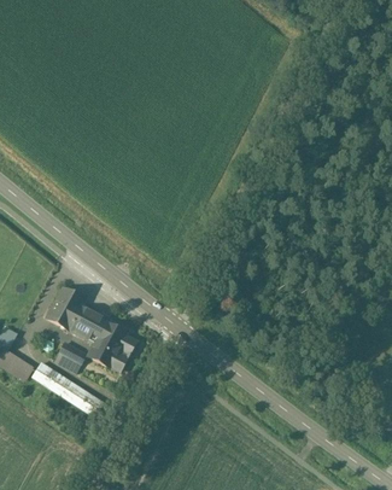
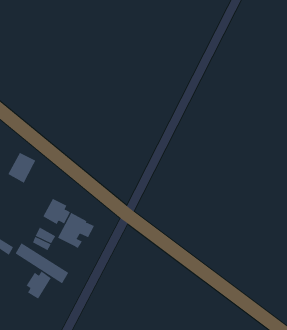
building: [47,288,84,329] -> [8,152,36,183]
building: none -> [26,271,52,299]

